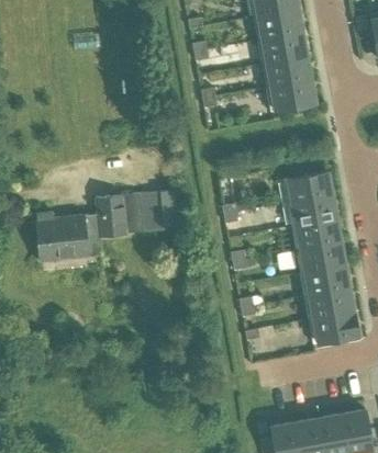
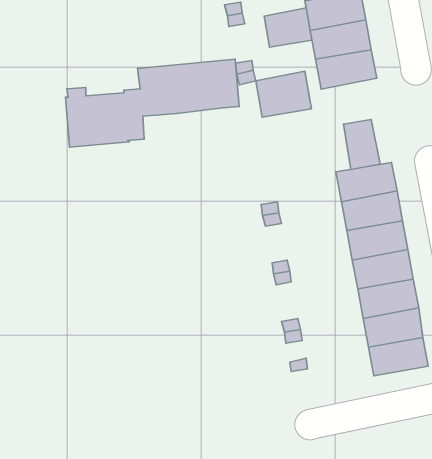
building: none -> [264,8,312,47]
building: none -> [256,71,312,117]
building: none -> [343,119,380,169]
building: [37,190,178,261] -> [65,59,239,147]

